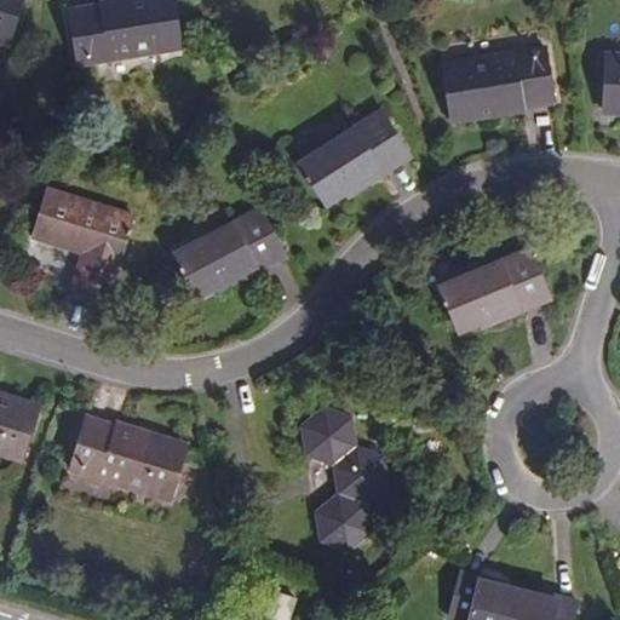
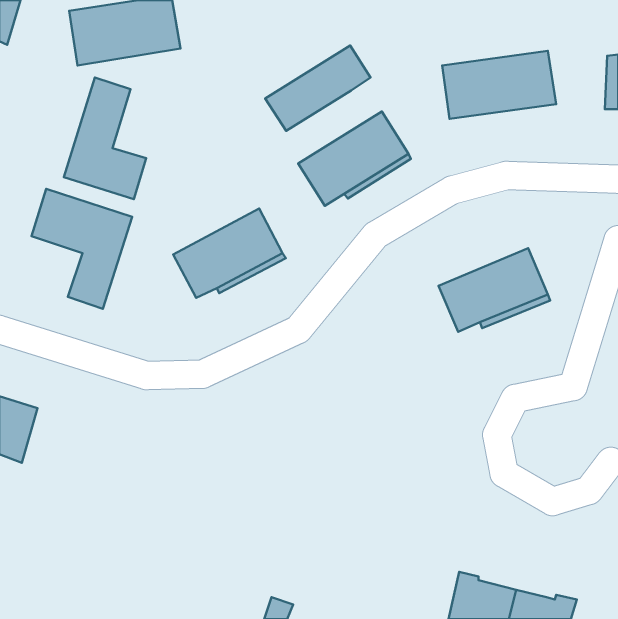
building: none -> [265,46,370,131]
building: none -> [64,77,146,199]
building: [300,406,386,551] -> none
building: [69,417,184,500] -> none

